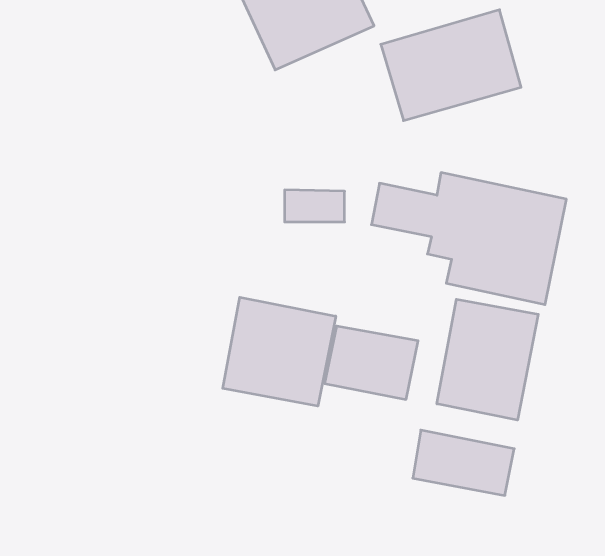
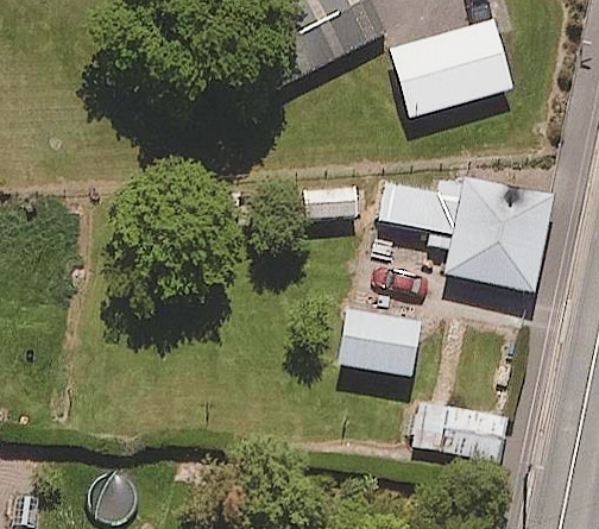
building: [223,297,336,406] -> none
building: [437,299,538,420] -> none

